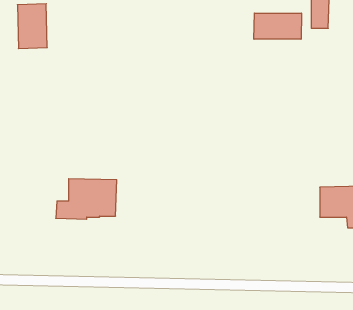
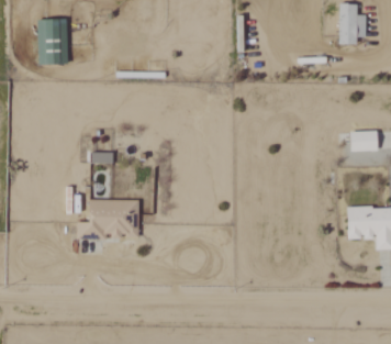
building: [254,13,301,39] -> none
building: none -> [350,131,378,152]

